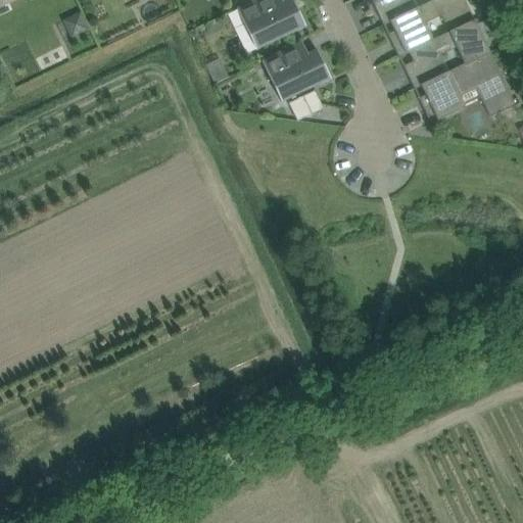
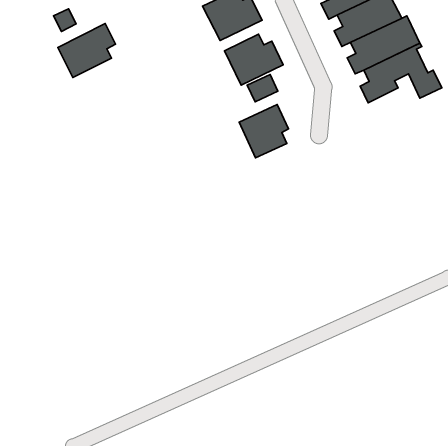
building: none -> [58,24,116,77]
building: none -> [239,104,289,158]

